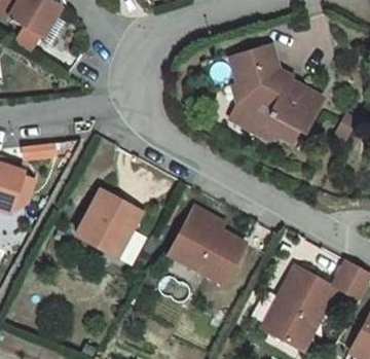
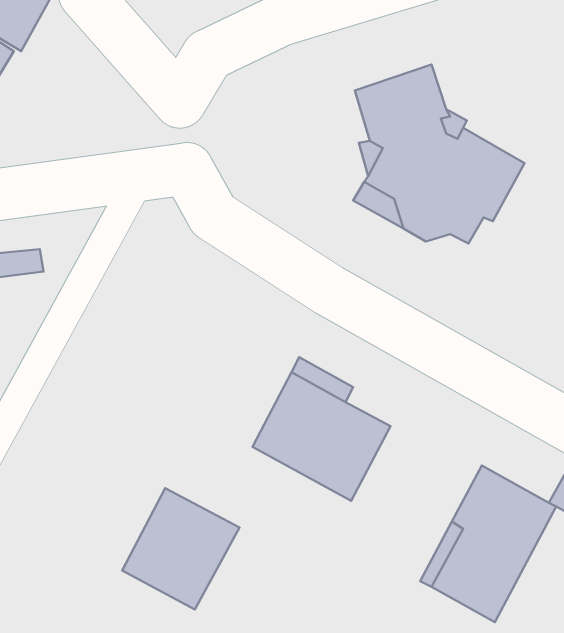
building: [79,189,144,256] -> [122,488,240,610]

